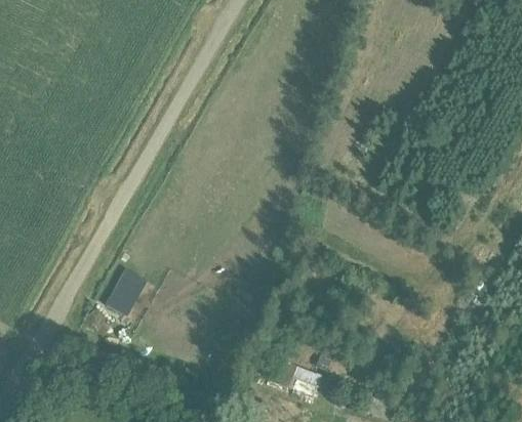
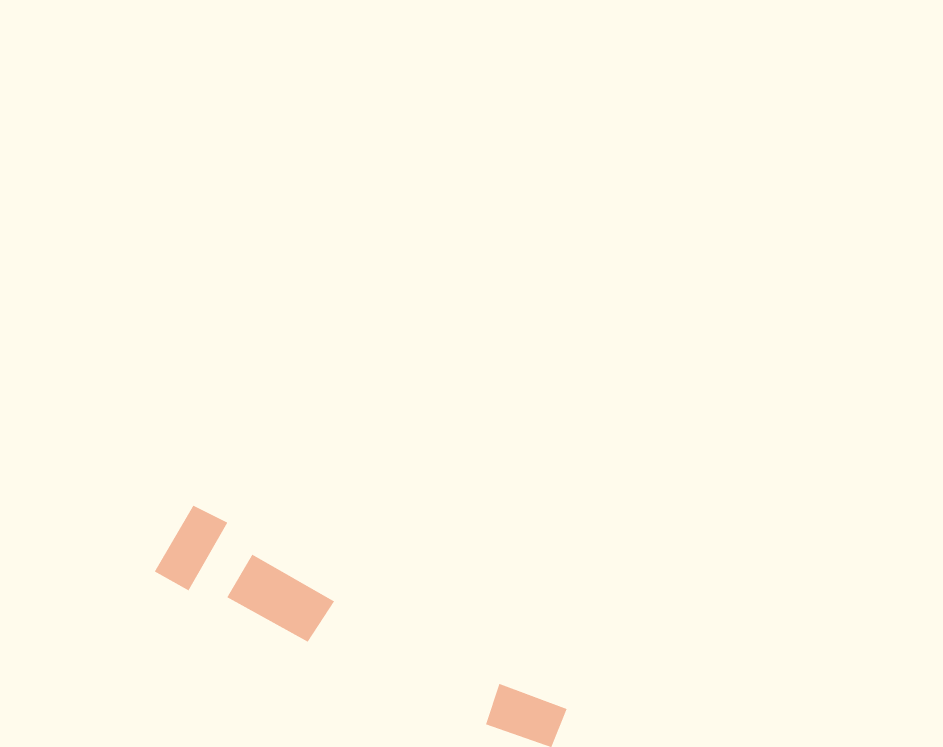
building: none -> [226,554,335,643]

